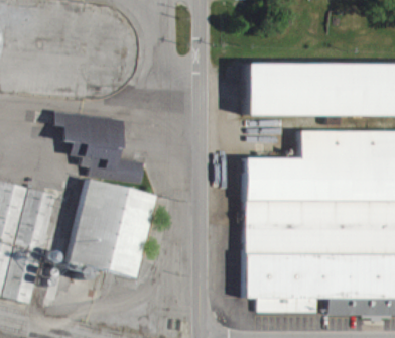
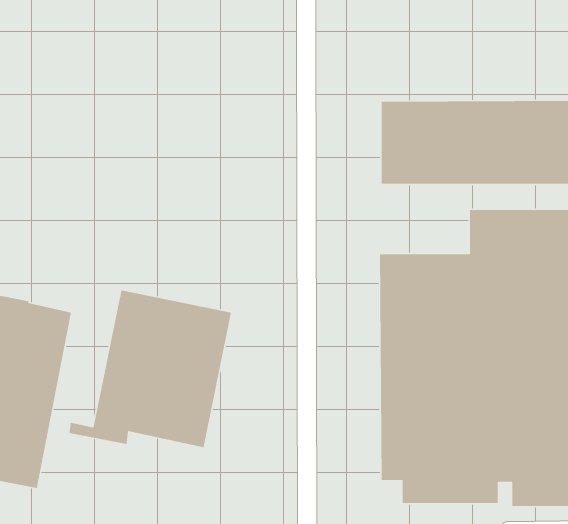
building: [52,111,144,183] -> none

